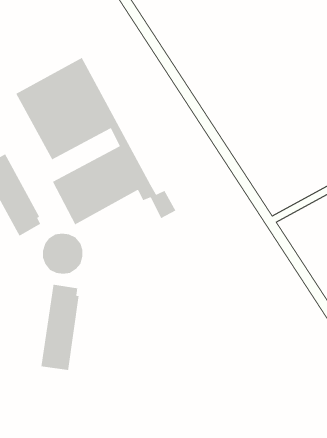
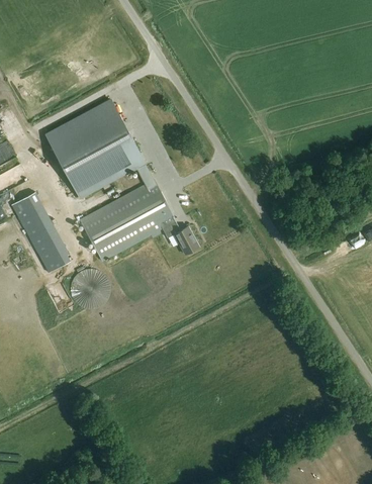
building: [40,284,80,371] -> none

